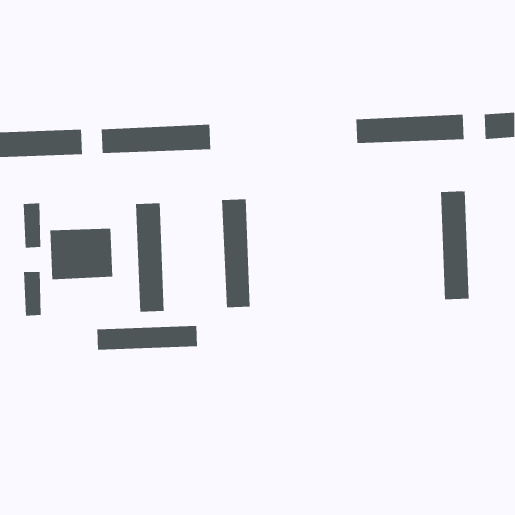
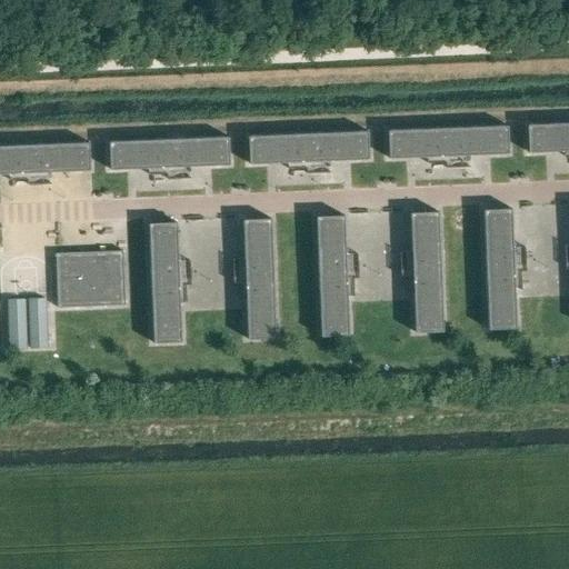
building: none -> [251,131,372,163]
building: none -> [411,212,443,332]
building: none -> [317,217,349,337]
building: [23,203,41,248] -> [6,299,26,349]
building: [97,325,198,350] -> none

